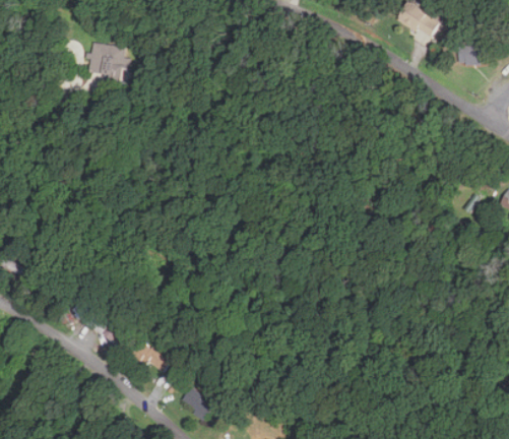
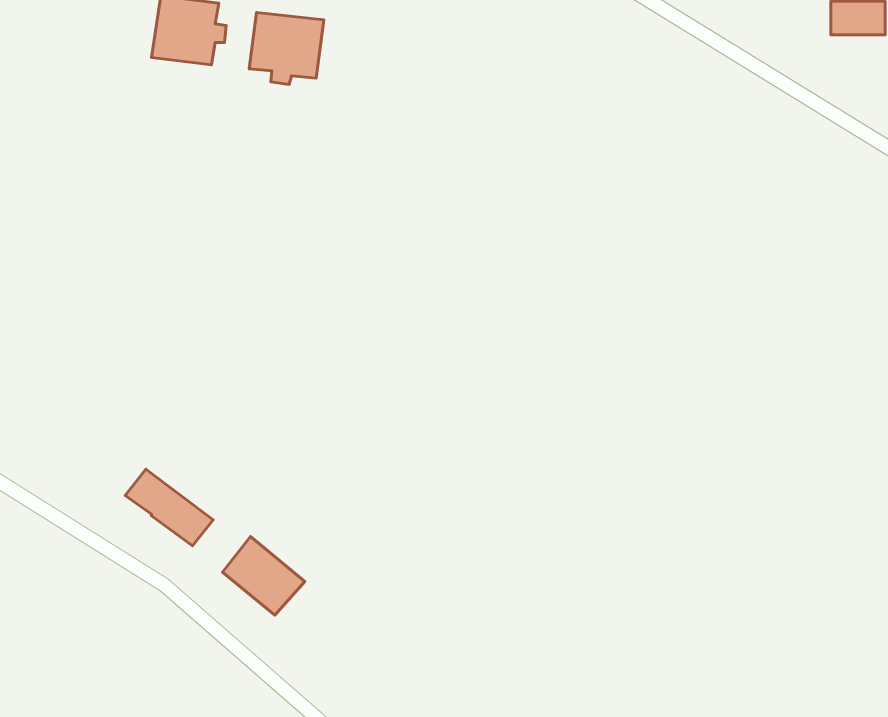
building: none -> [249,12,324,85]
building: [182,386,221,420] -> none

